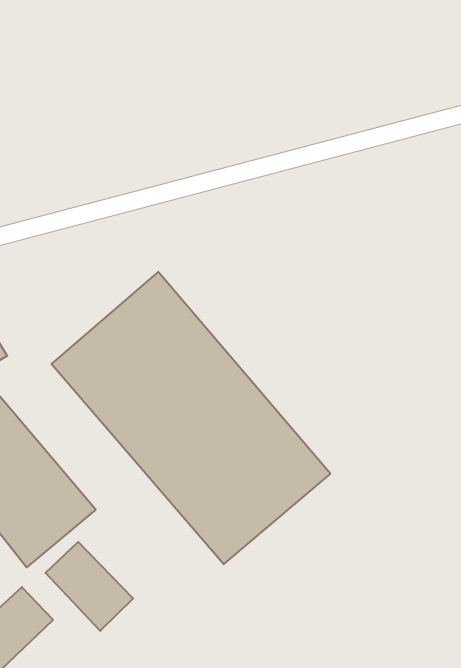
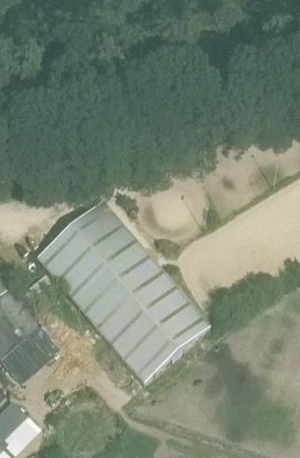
building: [45,542,133,631] -> none

